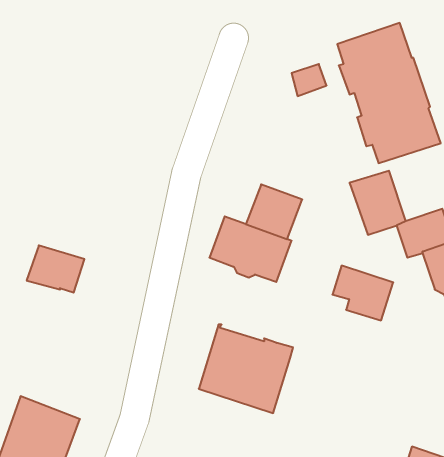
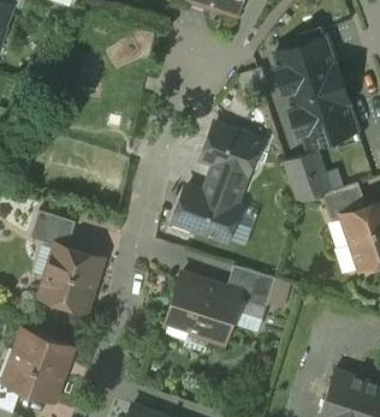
building: none -> [202,126,255,175]
building: [332,266,393,320] -> [227,266,275,309]
building: none -> [41,245,102,311]

